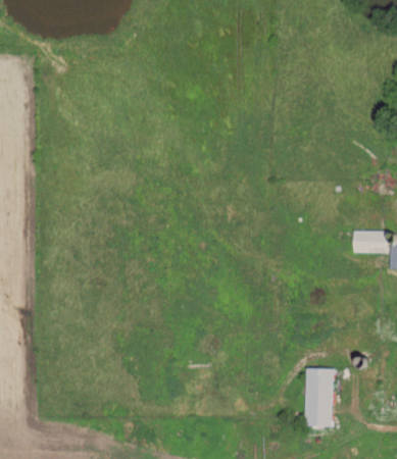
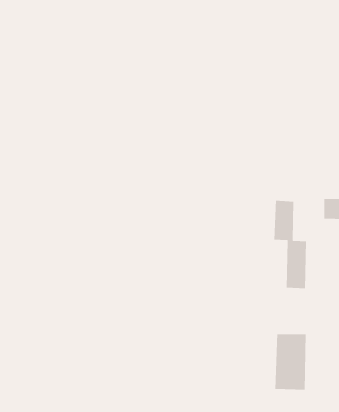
building: none -> [273,200,307,289]

